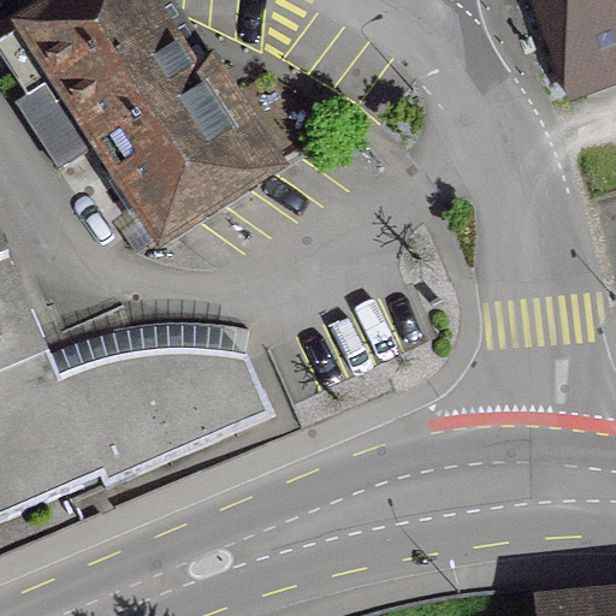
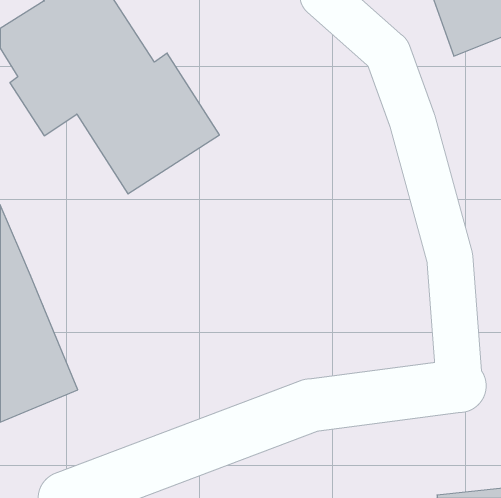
building: [55,348,270,487] -> none

